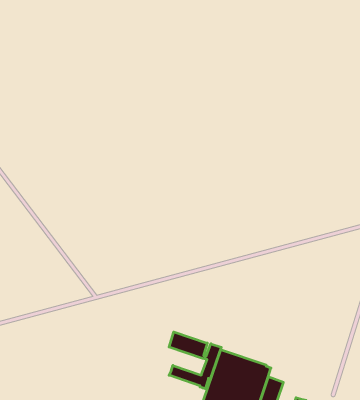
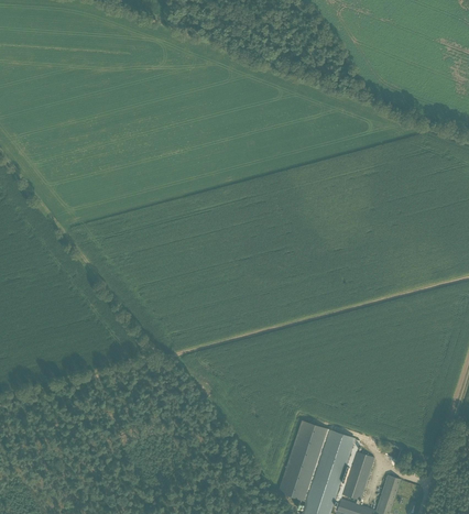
building: [169,332,221,389] -> none

